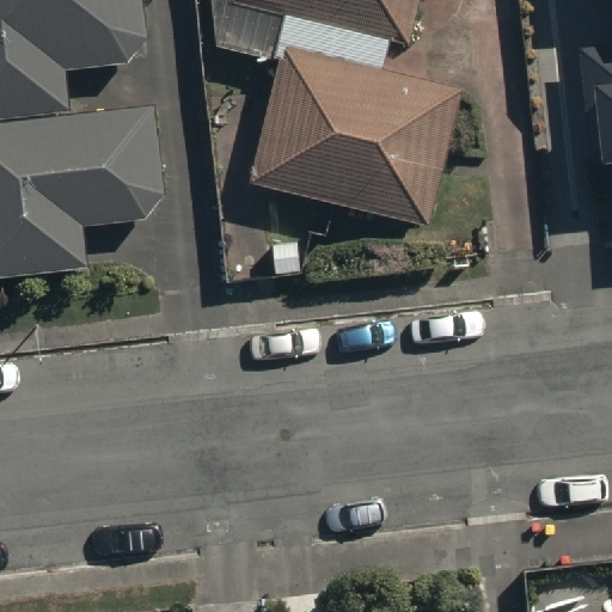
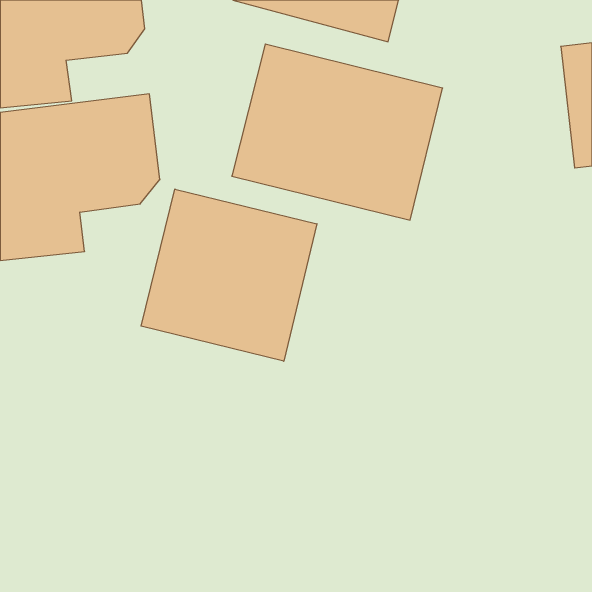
building: none -> [141,189,317,361]

